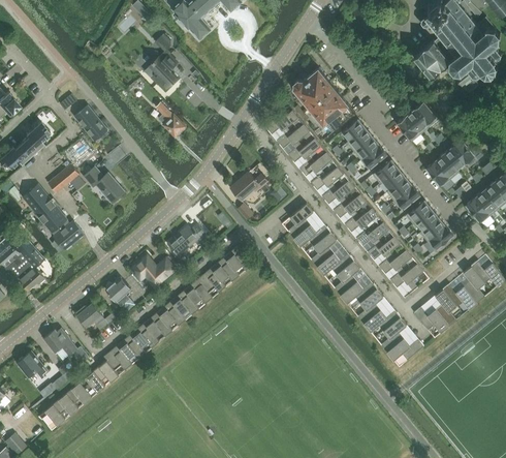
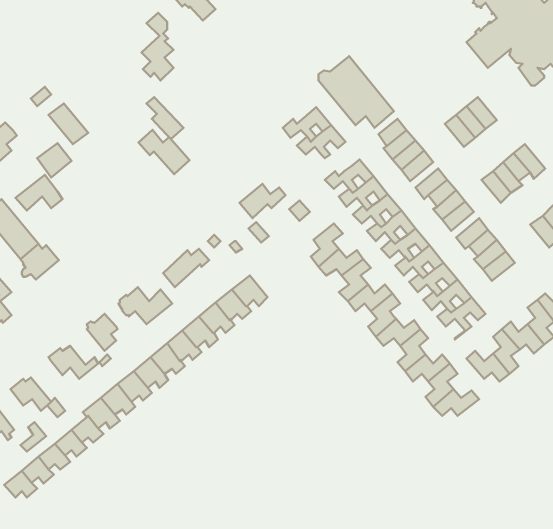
building: [287,138,326,165] -> none
building: [83,166,124,203] -> [139,130,189,174]

